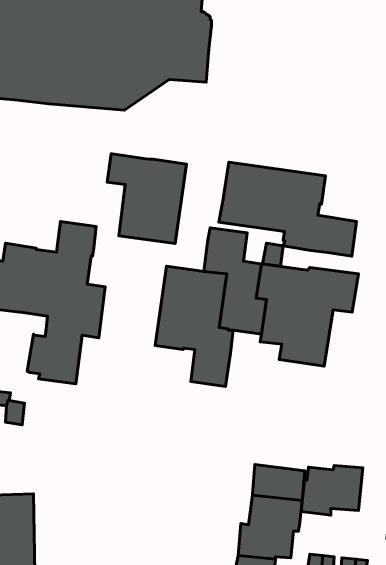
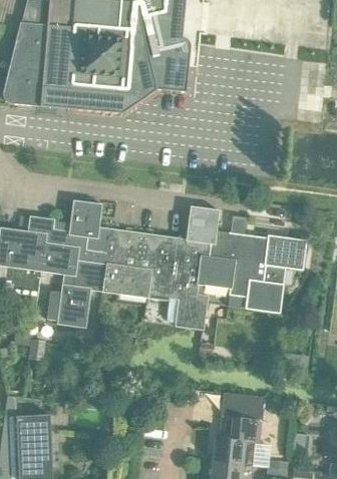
building: [107,154,187,243] -> [93,227,155,298]
building: [219,162,357,256] -> none
building: [301,466,363,515] -> none

